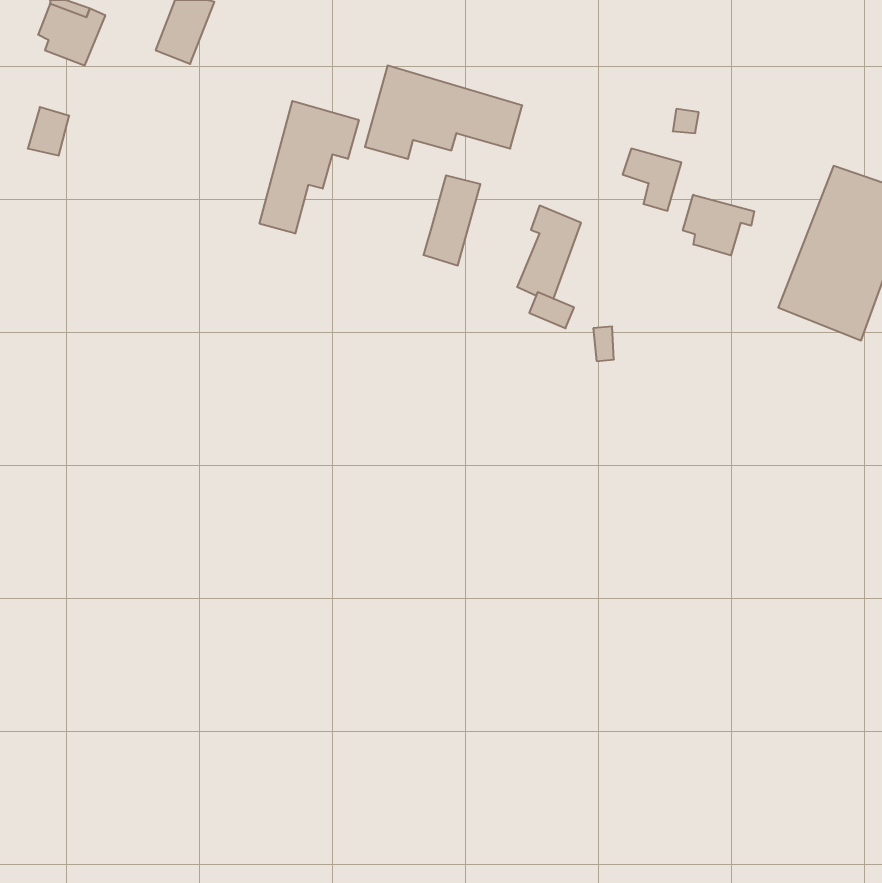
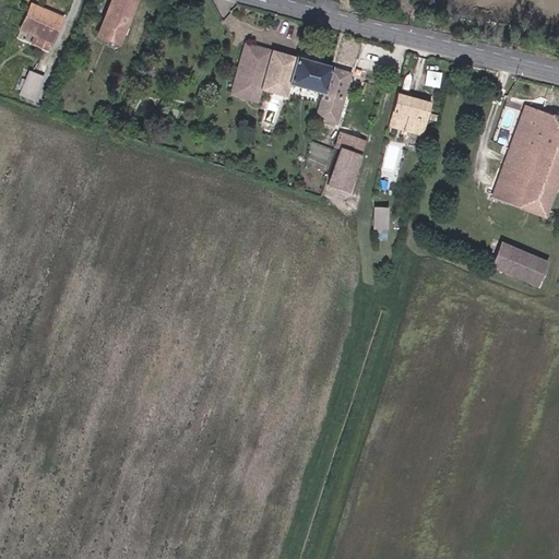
building: [260,101,359,234] -> none
building: [423,175,480,265] -> [317,67,353,123]
building: [683,195,754,255] -> none
building: none -> [492,242,549,285]

